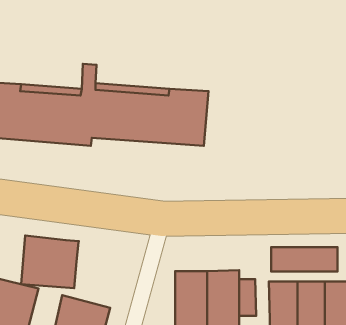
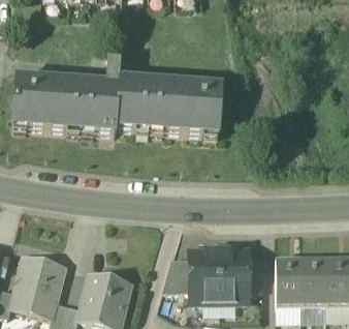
building: [21,236,79,288] -> none
building: [271,247,338,272] -> none
building: none -> [162,257,190,290]

